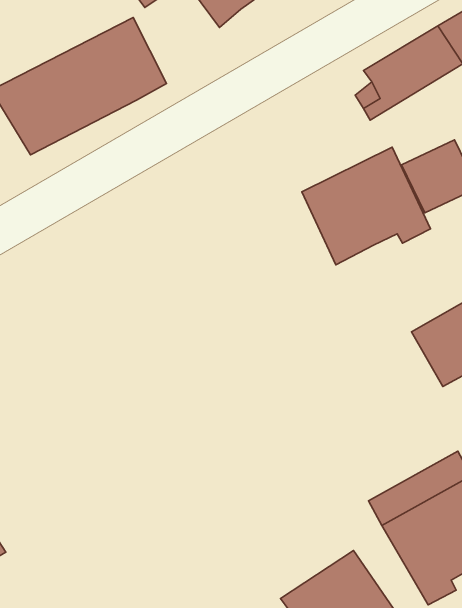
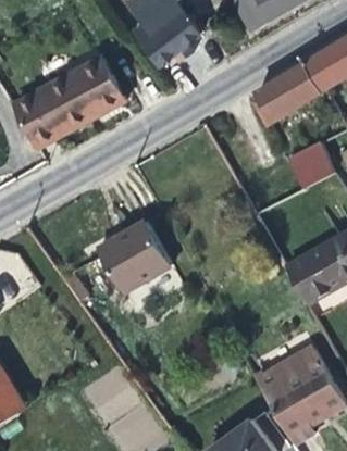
building: [302,147,430,265] -> none
building: none -> [104,218,177,291]

